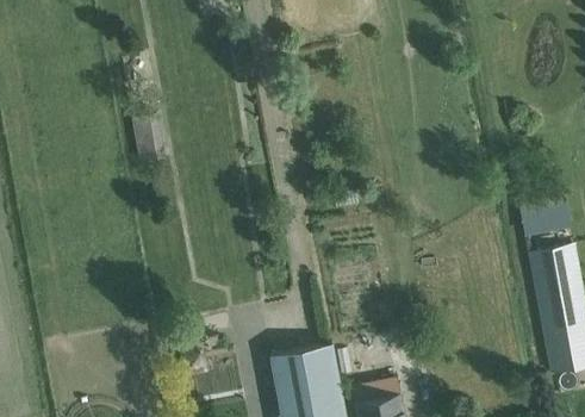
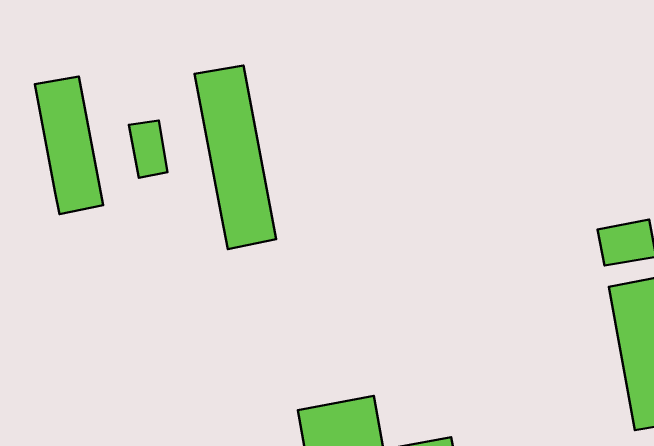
building: none -> [194,65,276,249]
building: none -> [35,77,103,214]

